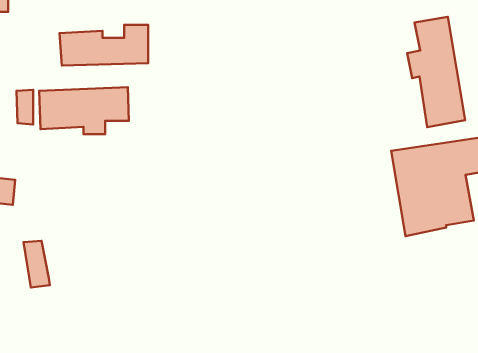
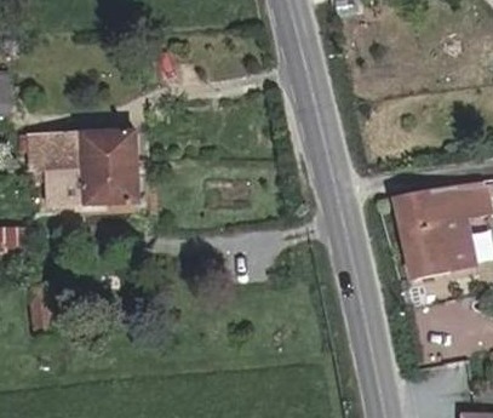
building: [407,17,465,127] -> none
building: [59,25,148,66] -> [45,165,134,206]

